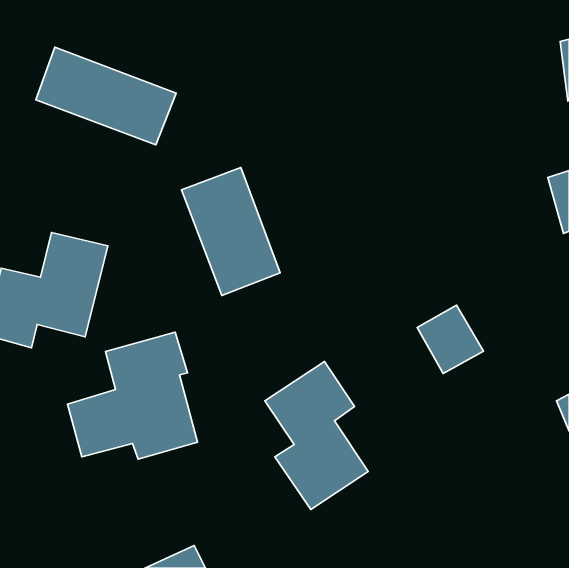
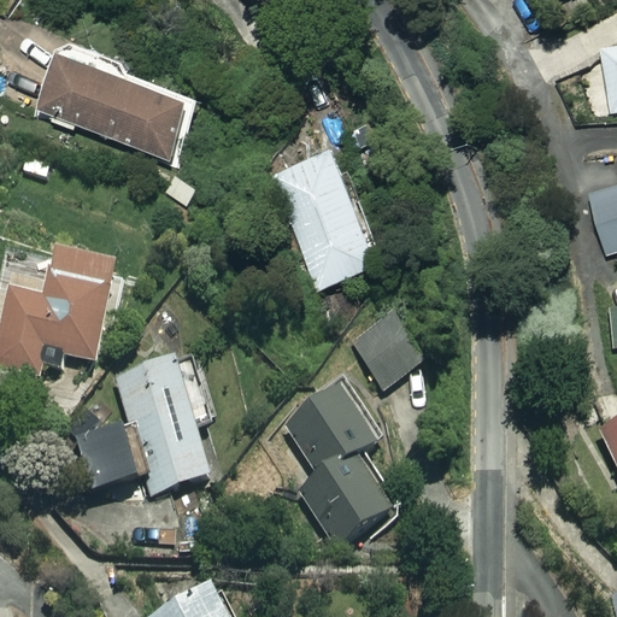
building: [181,167,280,295] -> [272,147,378,284]
building: [417,305,483,373] -> [352,313,423,387]

